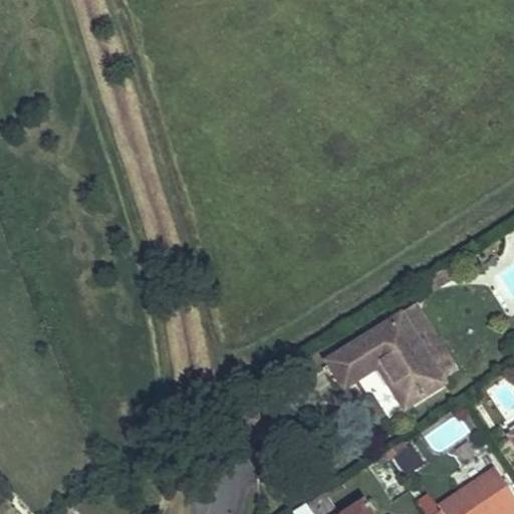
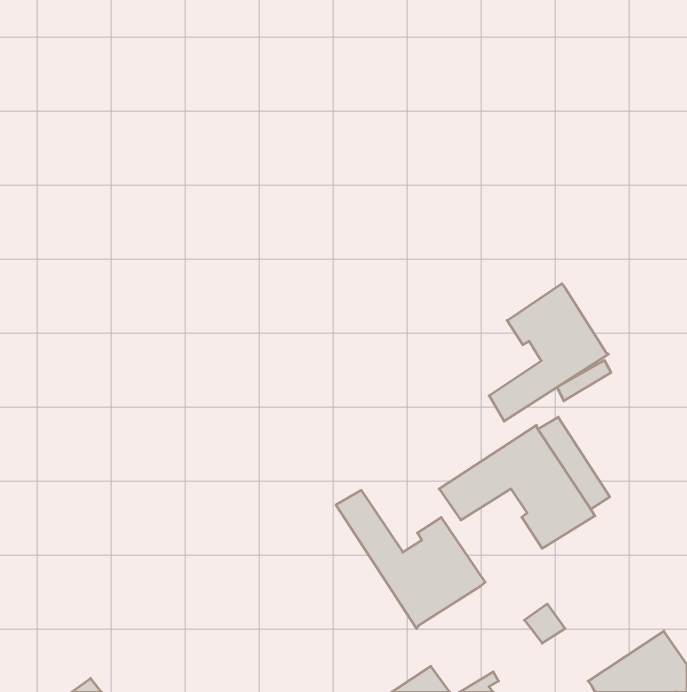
building: none -> [489,284,608,421]
building: none -> [336,490,485,629]

